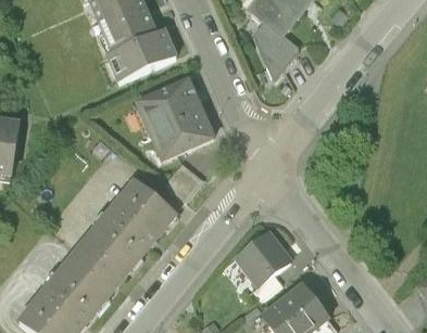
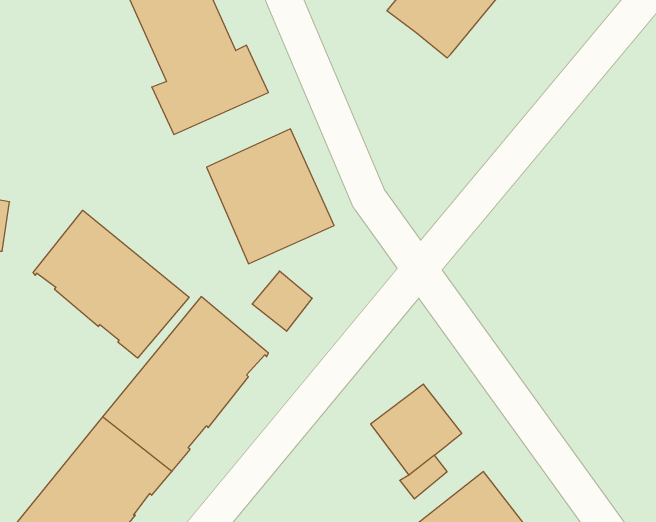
building: [252,21,299,78] -> none
building: none -> [33,210,189,358]

